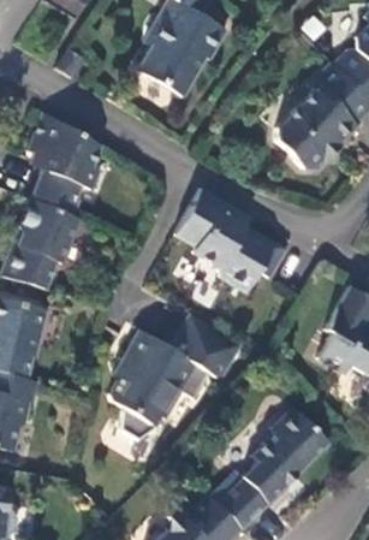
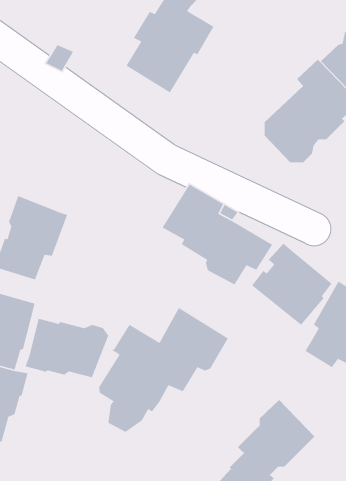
building: [29,113,101,216] -> none
building: none -> [251,243,333,326]
building: none -> [25,318,109,378]

